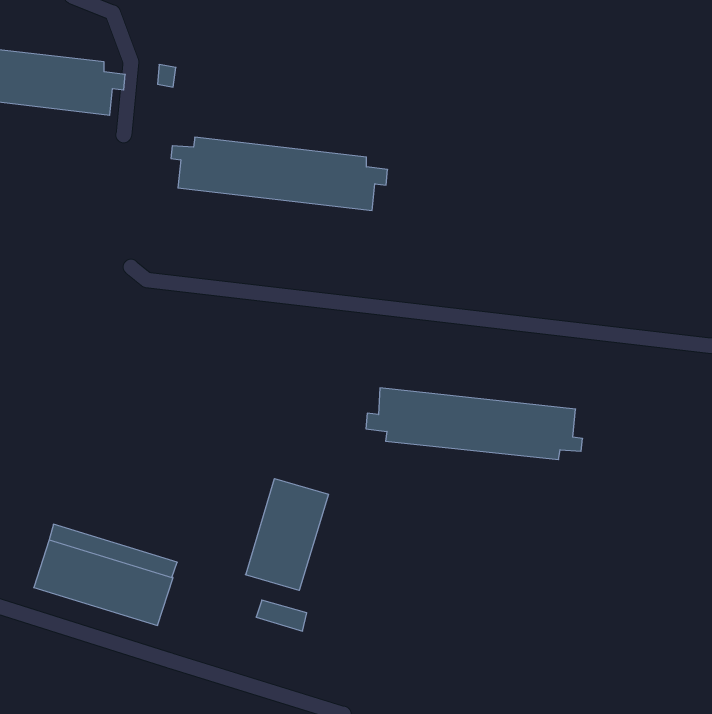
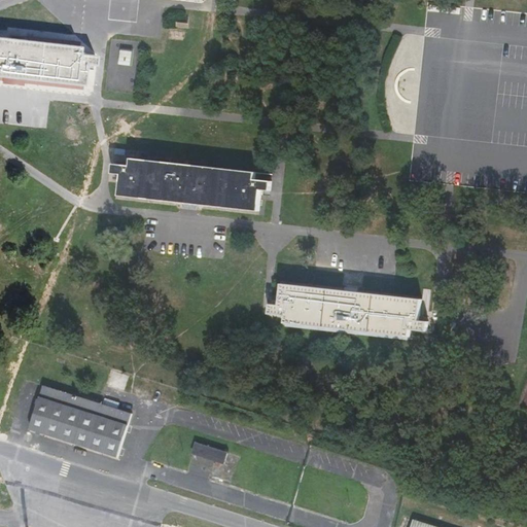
building: [171,137,388,210] -> [110,156,269,210]
building: [245,479,328,590] -> none

